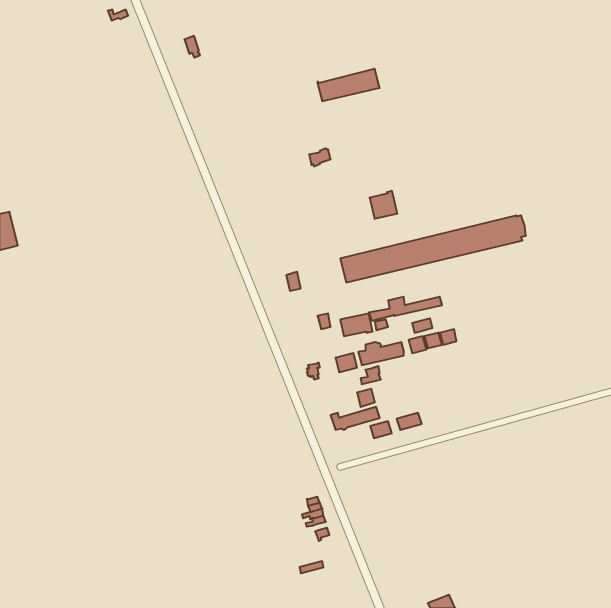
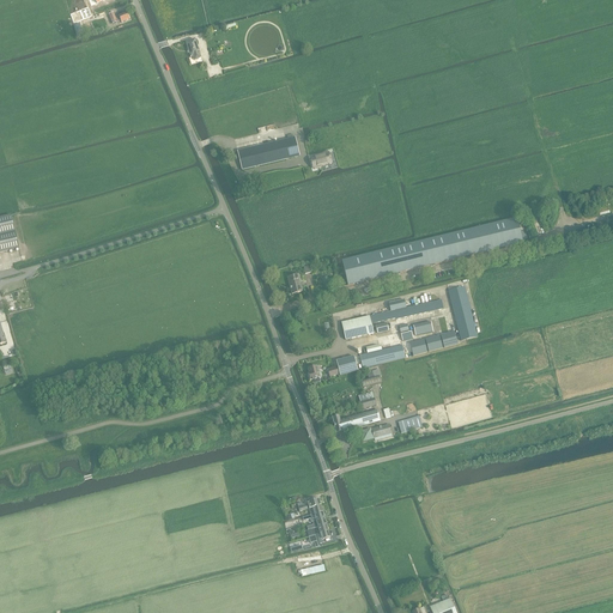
building: [317,69,380,101] -> [236,134,298,166]
building: [370,191,397,219] -> none
building: none -> [447,284,477,339]

